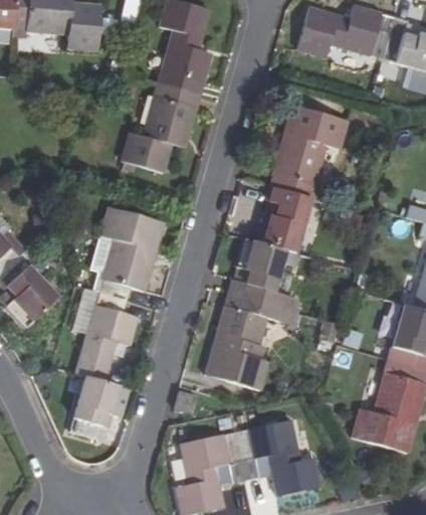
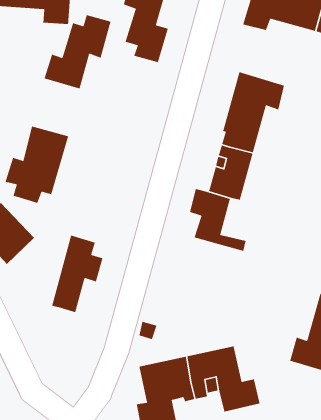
building: [123,87,201,173] -> [44,14,112,89]
building: [90,210,165,301] -> [5,125,69,204]
building: [217,296,299,390] -> none
building: [69,376,118,440] -> none

